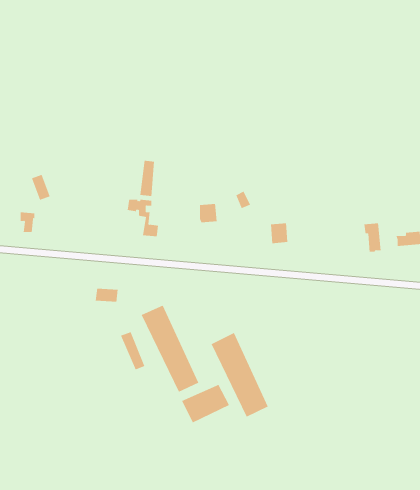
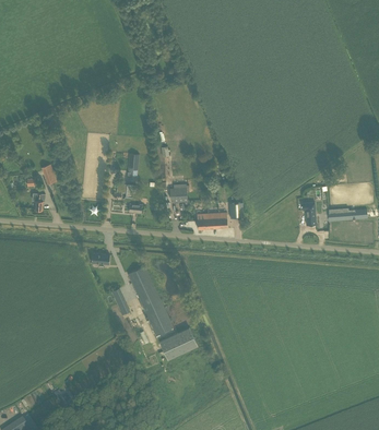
building: none -> [196,210,226,227]
building: [211,332,269,417] -> none

